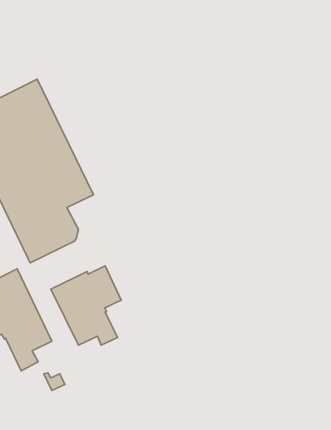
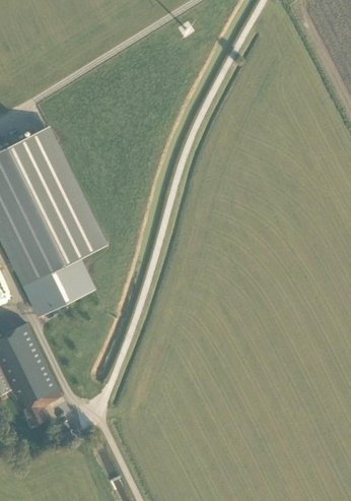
building: [51,266,121,345] -> none

